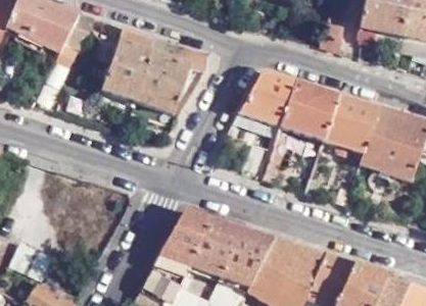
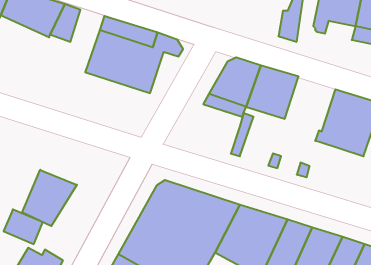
building: [325,93,381,154] -> none
building: none -> [22,170,77,226]

